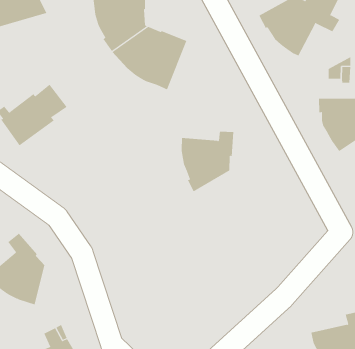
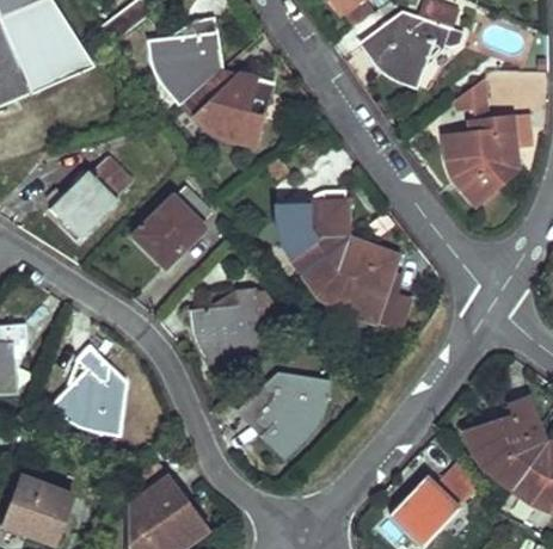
building: none -> [135,187,210,266]
building: none -> [302,239,411,327]
building: none -> [191,289,282,377]
building: none -> [236,374,327,458]

